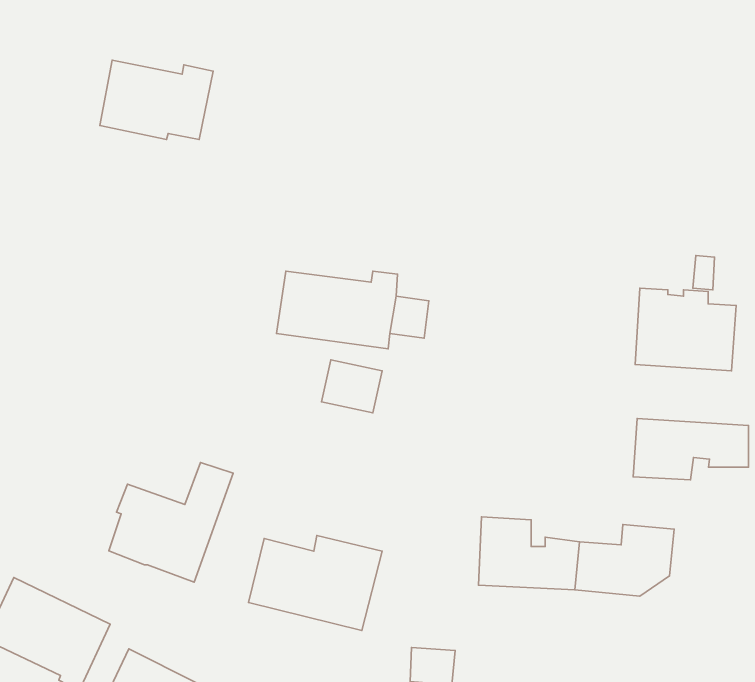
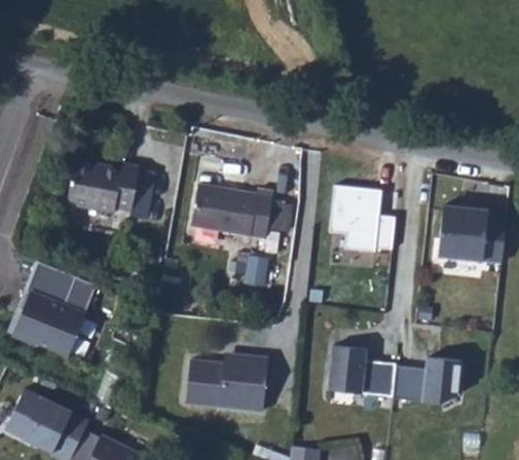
building: [100,60,213,140] -> [73,160,148,213]
building: none -> [327,178,393,241]
building: [633,418,748,480] -> none
building: [109,462,233,582] -> [21,266,103,345]

